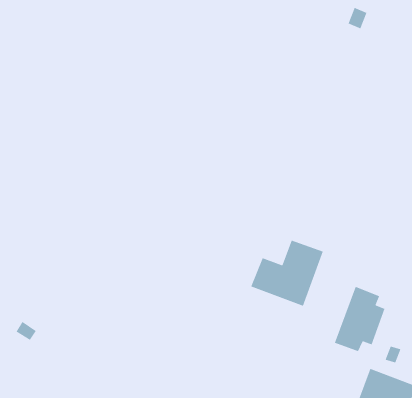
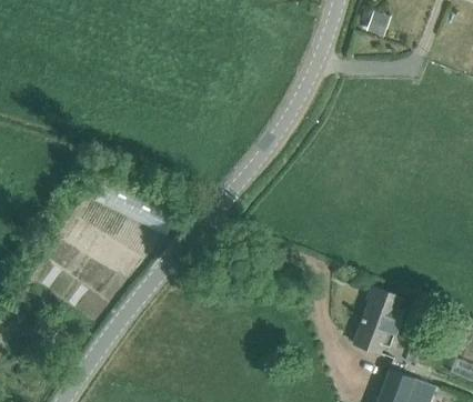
building: [250,239,324,307] -> none

